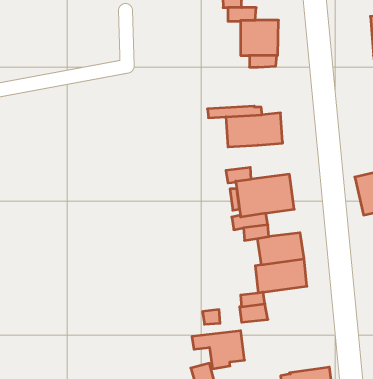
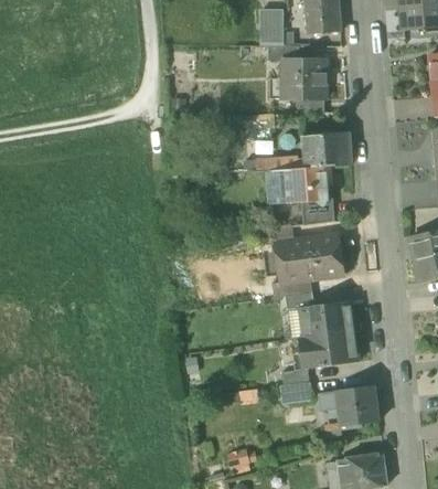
building: none -> [303,131,351,167]
building: none -> [301,198,334,225]
building: [192,331,245,369] -> [319,386,378,429]

